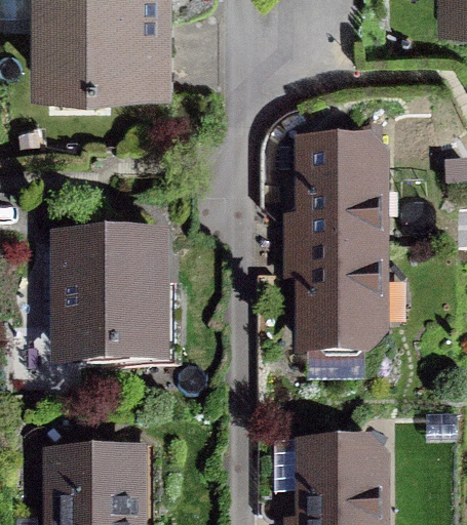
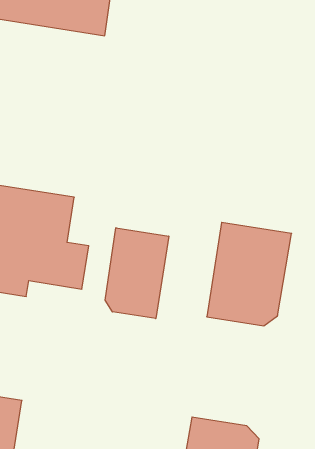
building: [302,153,376,251] -> none
building: none -> [105,228,169,319]

